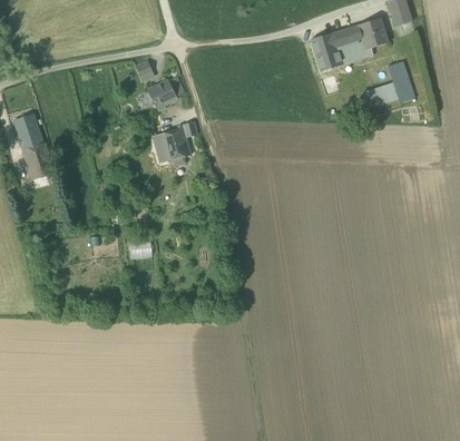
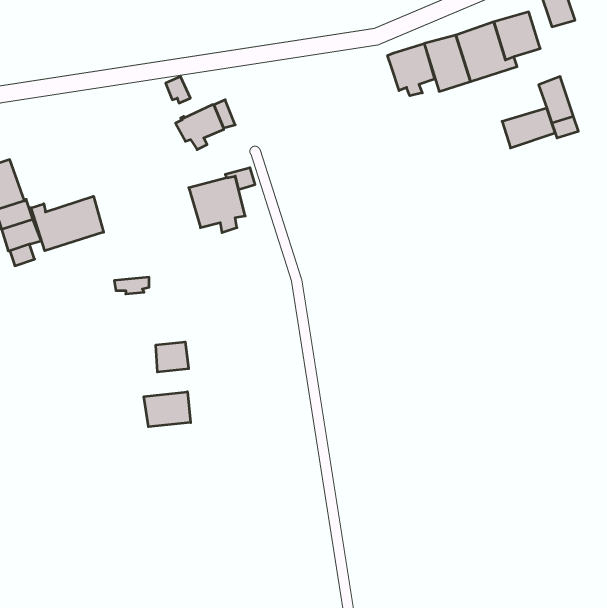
building: none -> [388,43,435,96]
building: none -> [31,196,104,251]
building: none -> [144,392,191,427]

